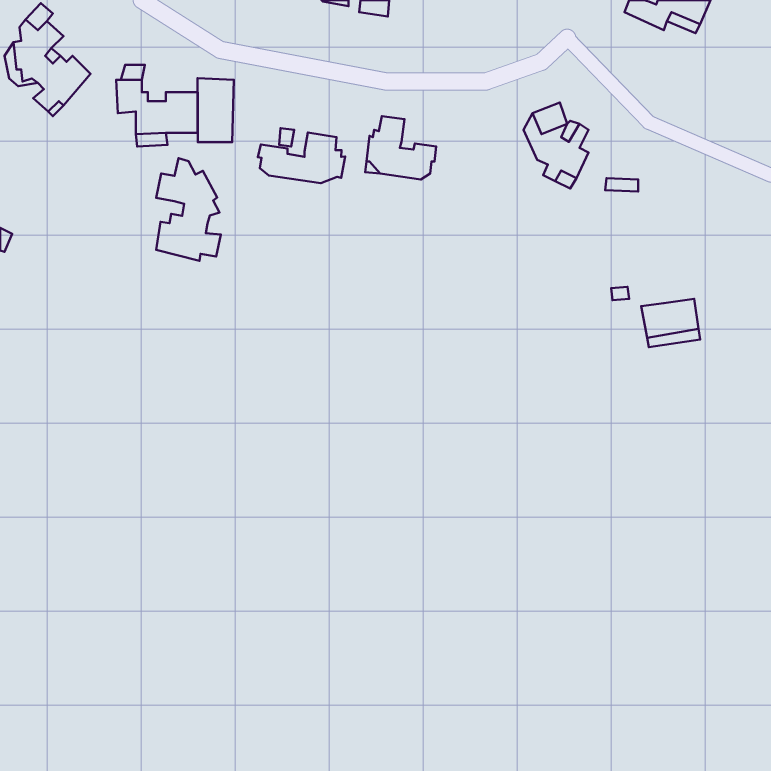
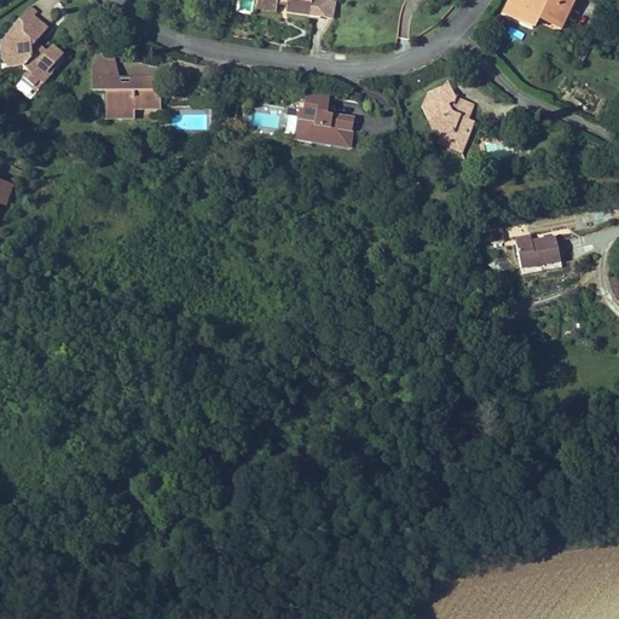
building: [197,78,234,142] -> none
building: [258,133,345,183] -> none
building: [156,158,221,261] -> none

